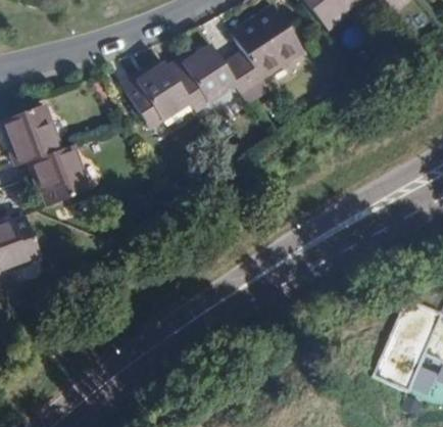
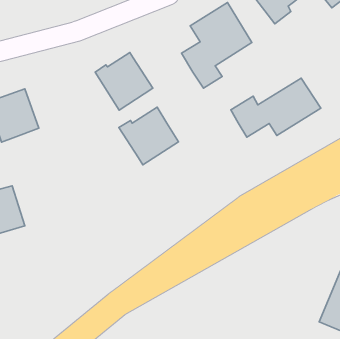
building: [166,46,235,112] -> [119,107,178,165]
building: none -> [231,78,321,137]
building: [29,146,86,204] -> none

